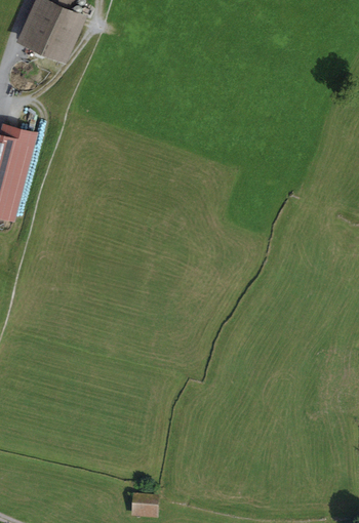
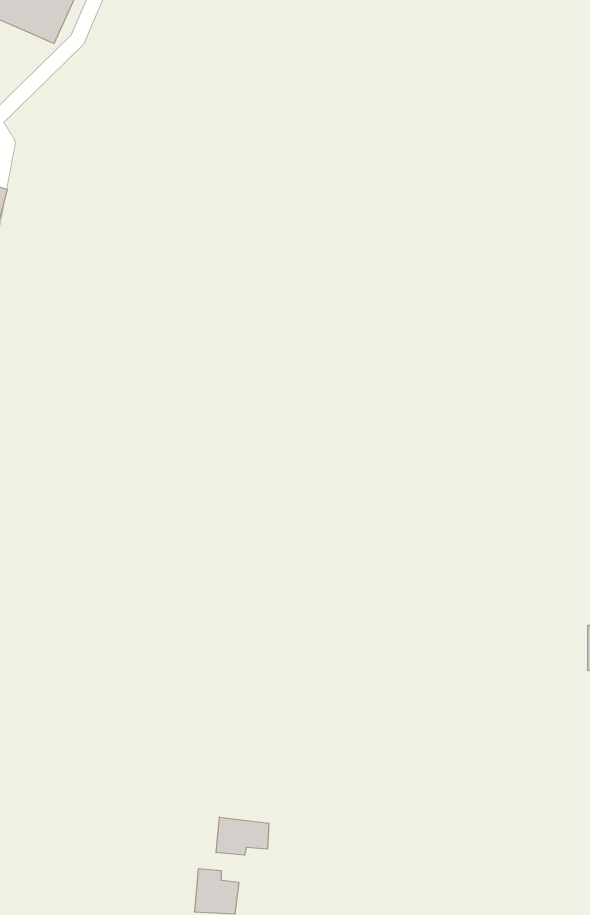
building: none -> [216,817,269,855]

